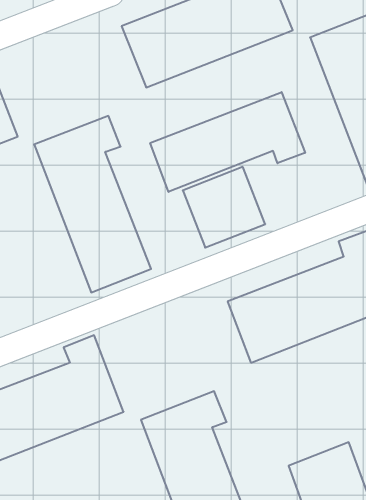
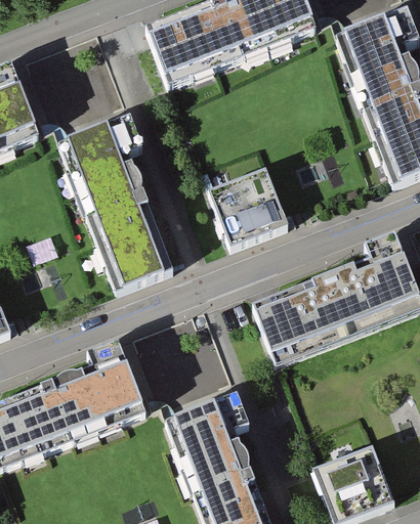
building: [150,92,305,192] -> none

